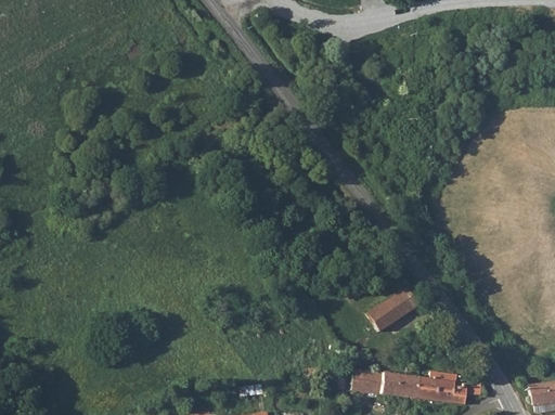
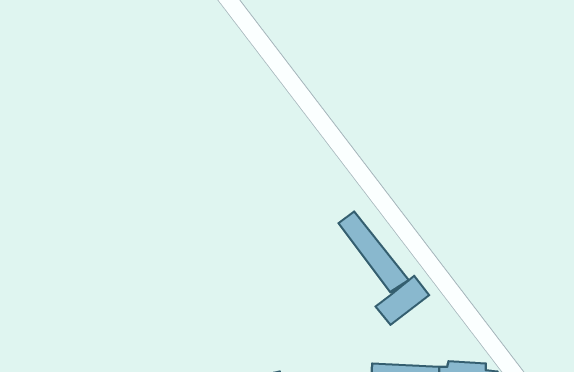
building: none -> [339,211,409,292]

